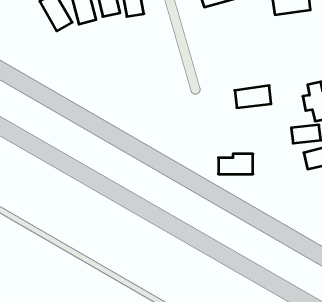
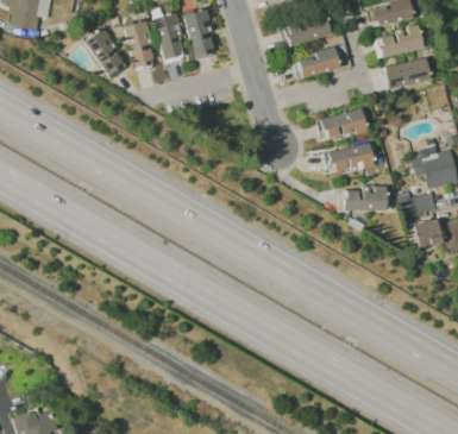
building: none -> [297,46,338,76]
building: none -> [383,58,428,87]
building: none -> [319,107,366,140]
building: [218,154,253,174] -> [343,185,385,210]

